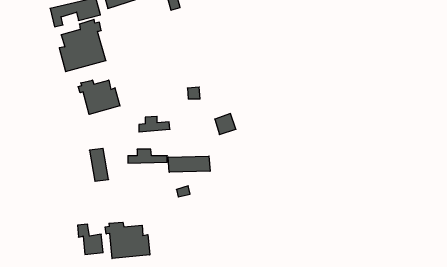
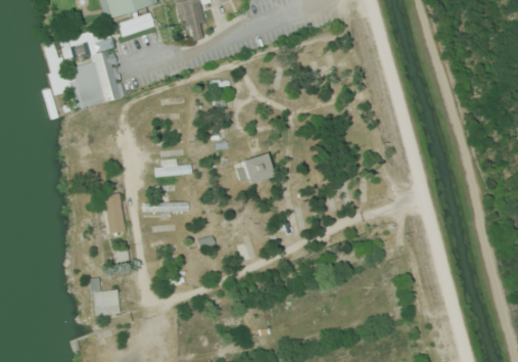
building: [78,80,120,114] -> none
building: [168,156,210,172] -> none
building: [105,222,150,259] -> none

